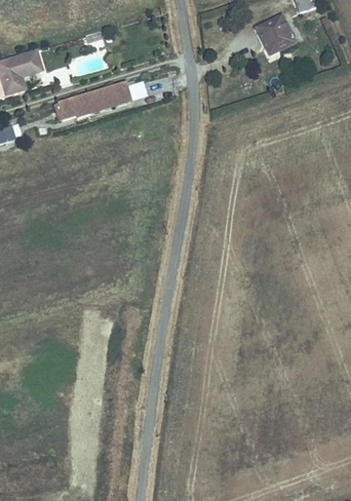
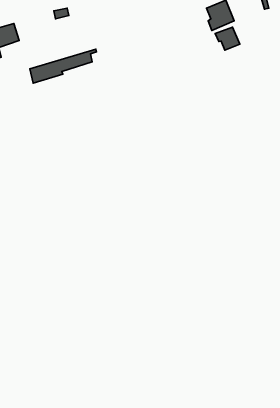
building: none -> [215,27,240,50]

